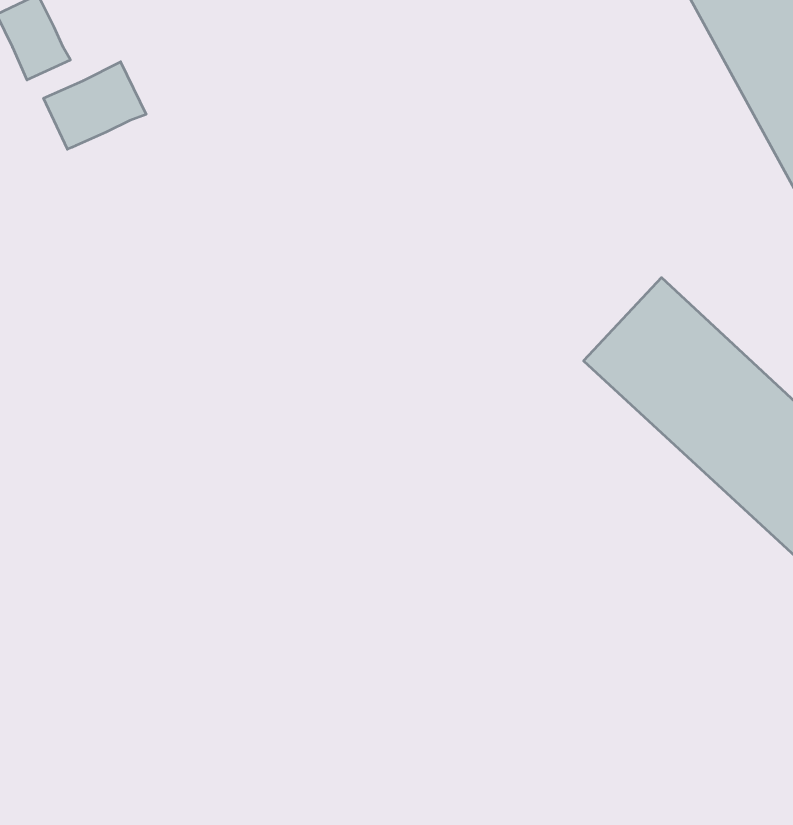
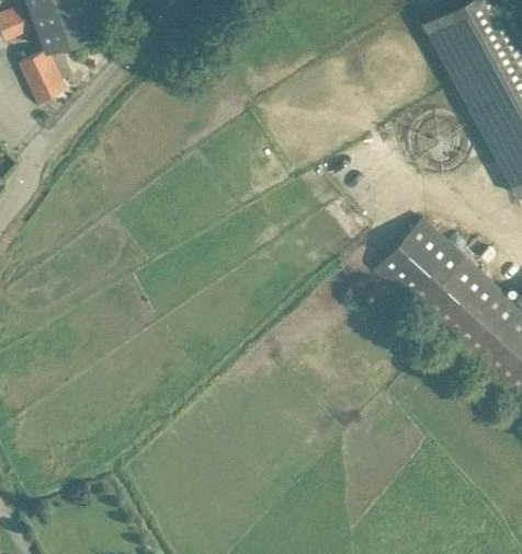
building: [44,62,146,149] -> none

